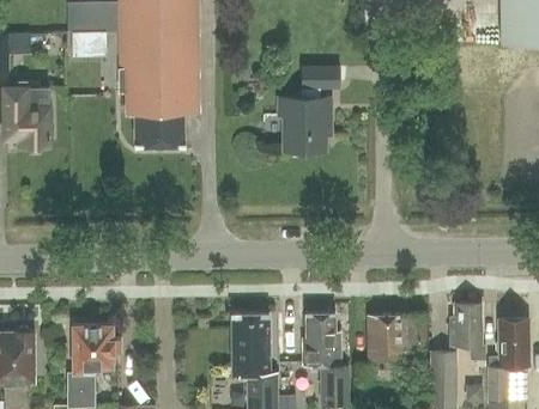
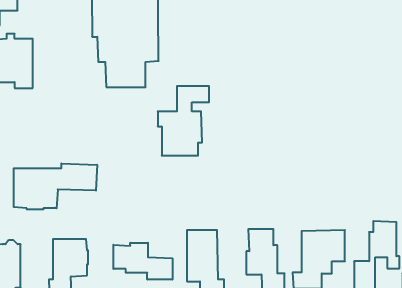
building: [279,67,340,149] -> [158,86,209,156]
building: none -> [14,163,97,209]
building: none -> [113,243,172,280]

